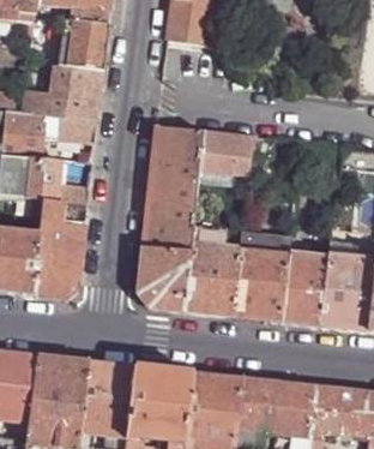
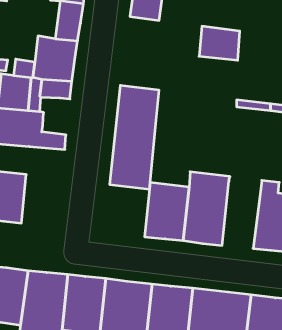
building: [199,130,249,172] -> [199,26,240,60]
building: [32,199,86,298] -> none
building: [280,243,327,325] -> none
building: [137,246,191,311] -> none

